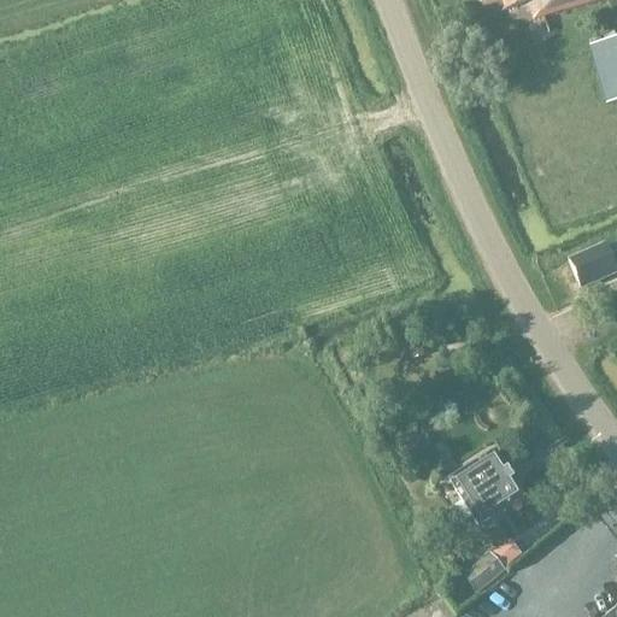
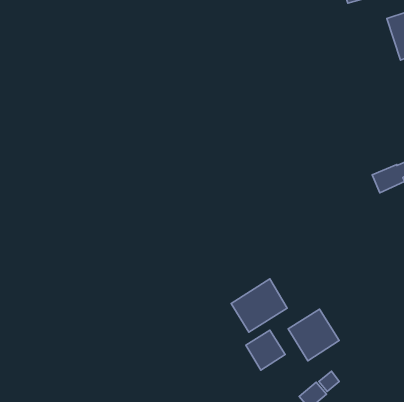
building: none -> [231,279,287,332]
building: none -> [246,330,285,370]

